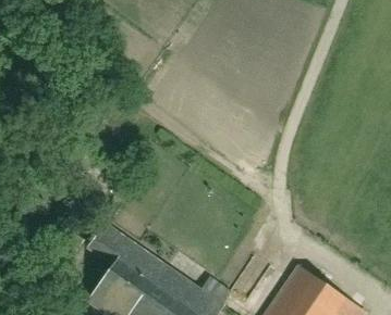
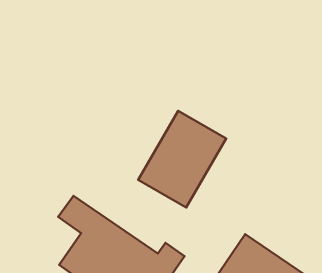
building: none -> [138,111,226,208]

